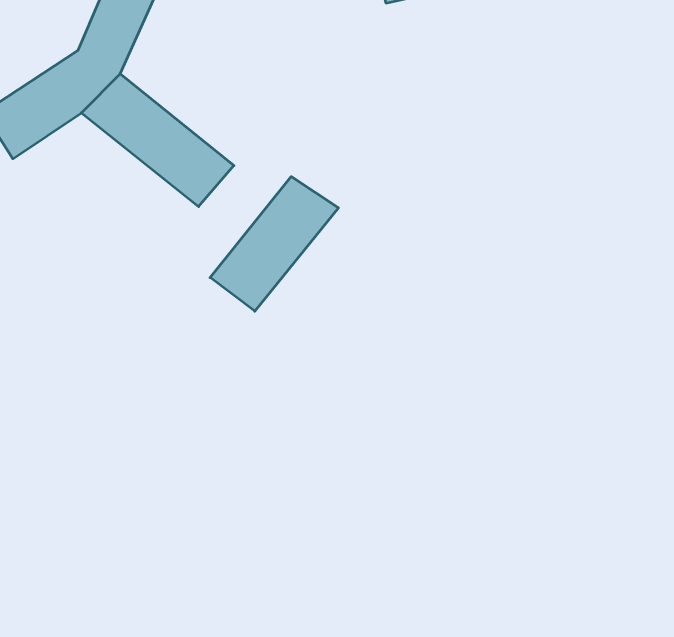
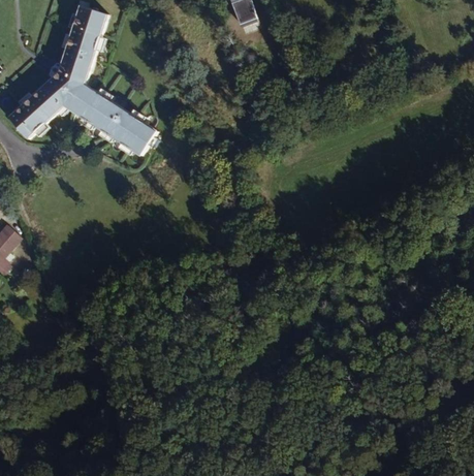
building: [210,177,338,311] -> none

